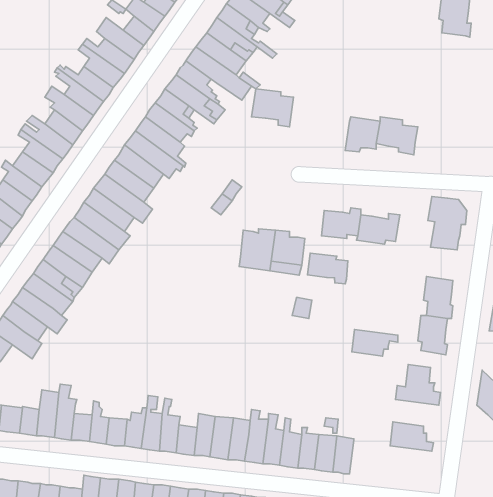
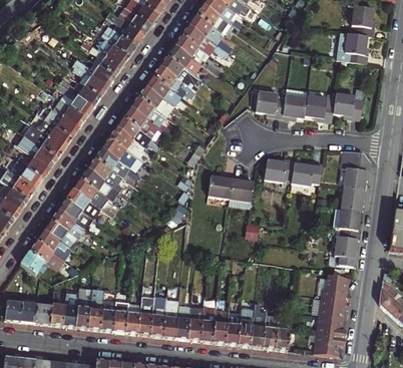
building: none -> [345,34,371,65]
building: [252,89,294,127] -> [257,92,287,119]
building: none -> [334,94,362,121]
building: none -> [342,189,367,213]
building: [308,253,348,284] -> none
building: [352,330,398,356] -> [318,298,351,317]
building: none -> [312,331,346,358]

